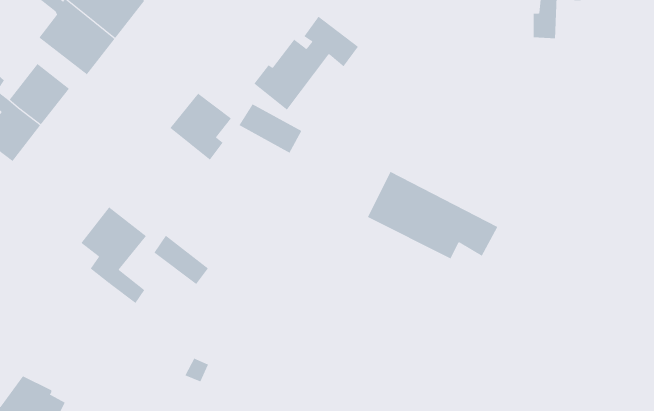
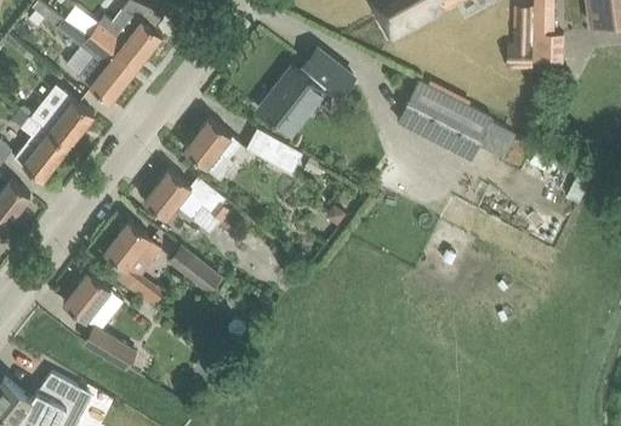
building: none -> [144,170,230,234]
building: [367,171,498,259] -> [398,81,515,160]
building: none -> [63,272,136,369]

